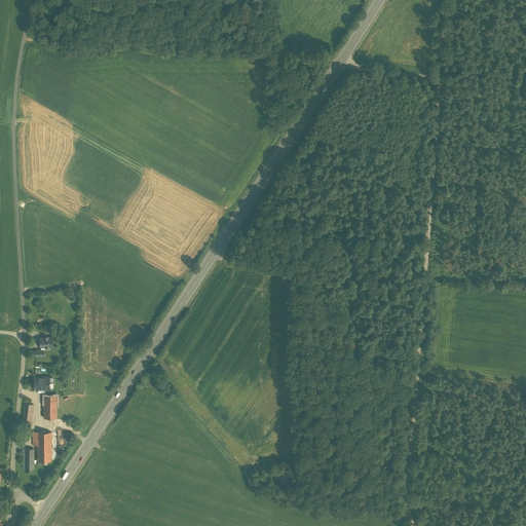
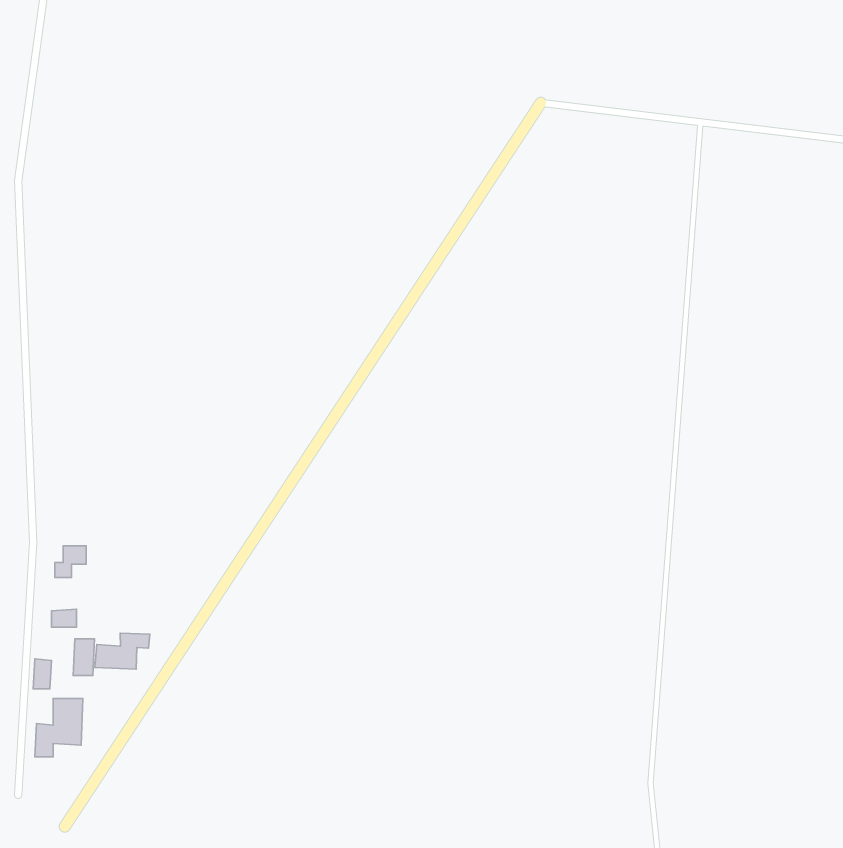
building: none -> [95,633,150,669]

